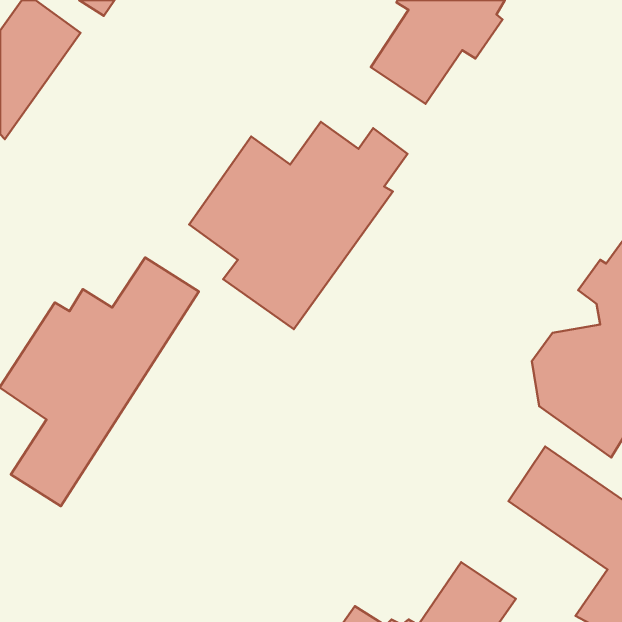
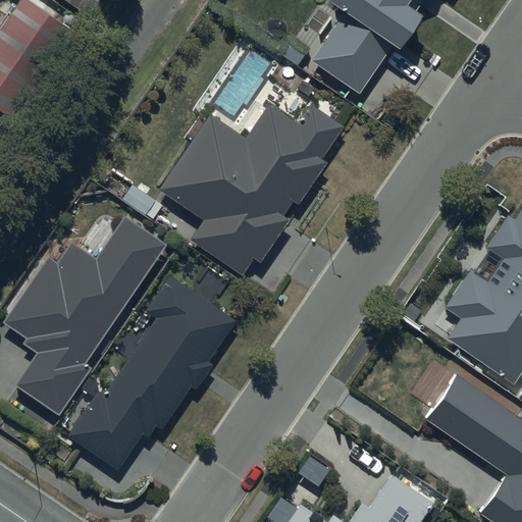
building: none -> [69,270,239,471]

